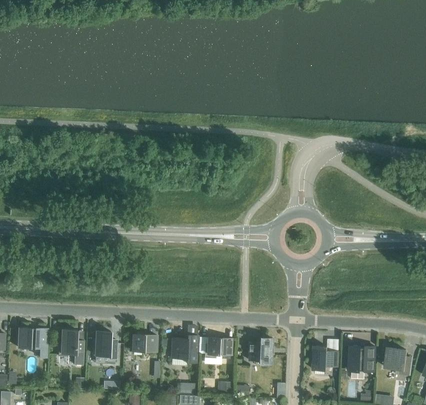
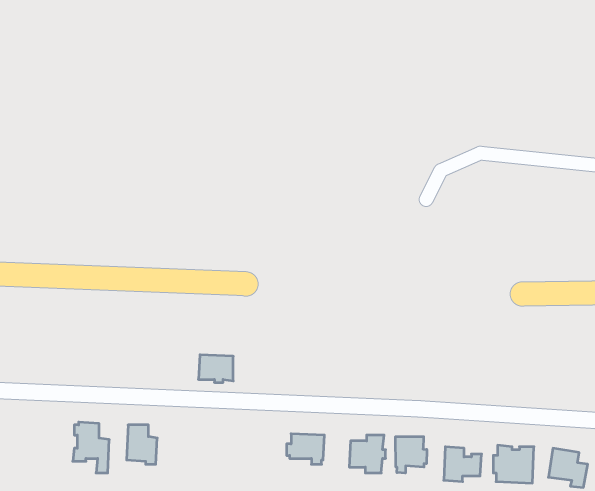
building: [17,327,46,357] -> none
building: [131,334,155,353] -> [198,355,233,382]
building: [170,334,196,363] -> none
building: none -> [396,437,427,473]

